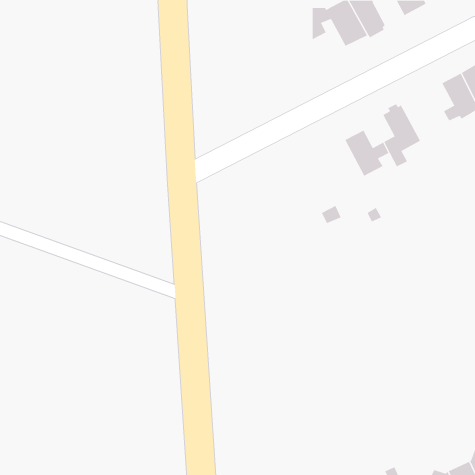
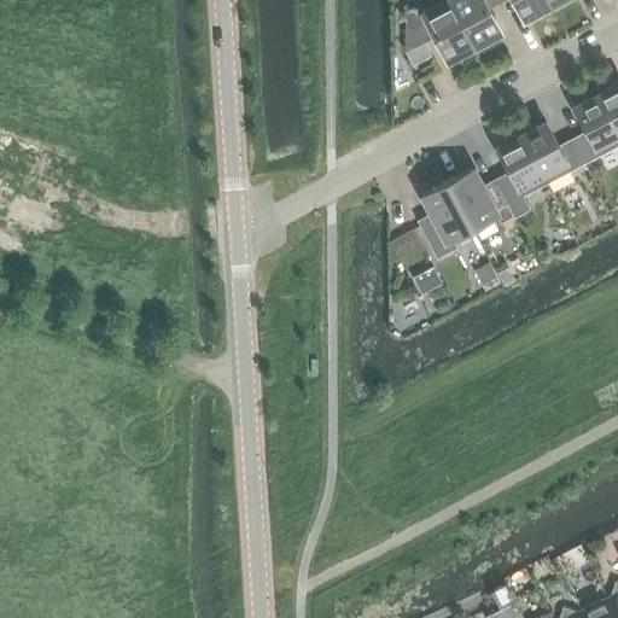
building: none -> [521,124,583,185]
building: none -> [421,183,473,258]

